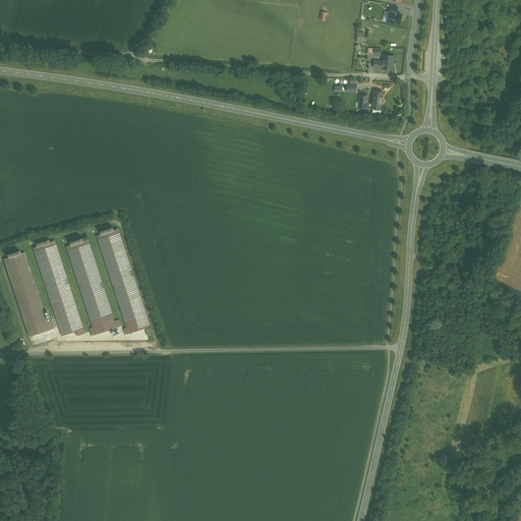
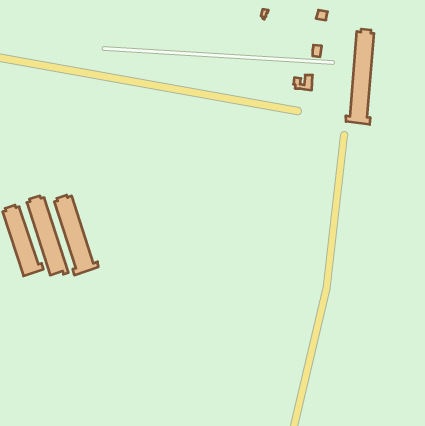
building: none -> [346,29,374,125]
building: [97,227,150,334] -> none

